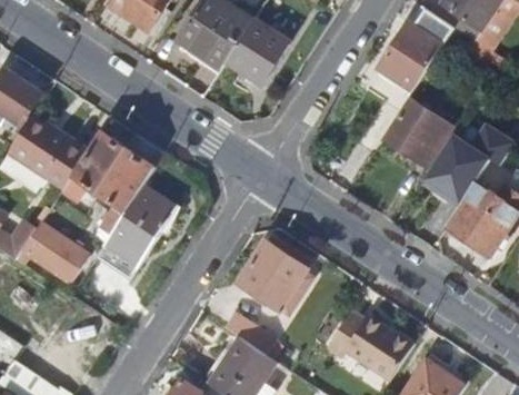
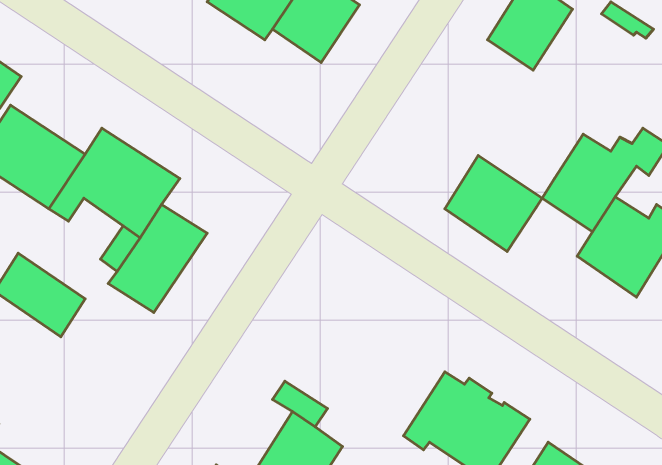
building: [383,98,455,168] -> [445,156,542,252]
building: [237,243,306,313] -> none

